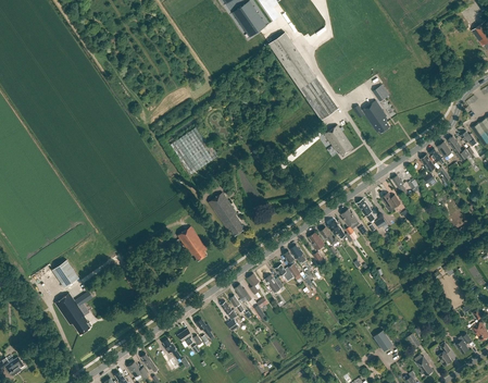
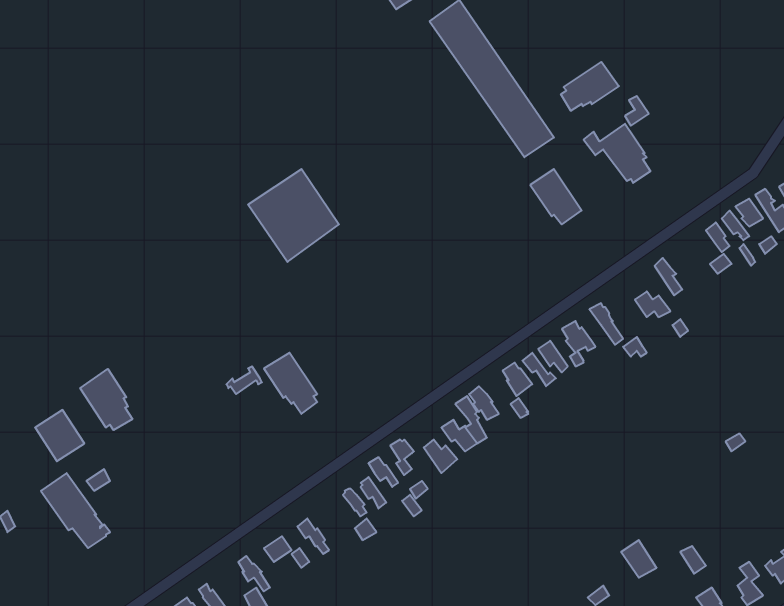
building: none -> [561,62,619,111]
building: [208,193,243,235] -> none
building: none -> [80,369,132,430]

